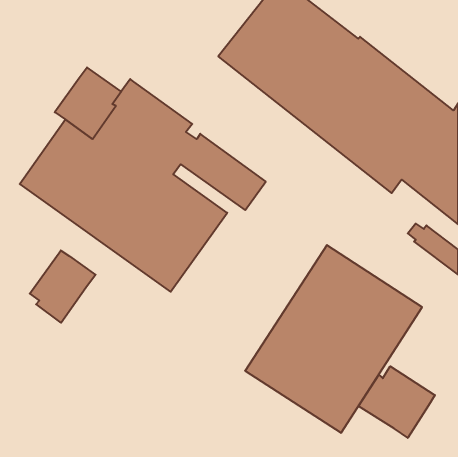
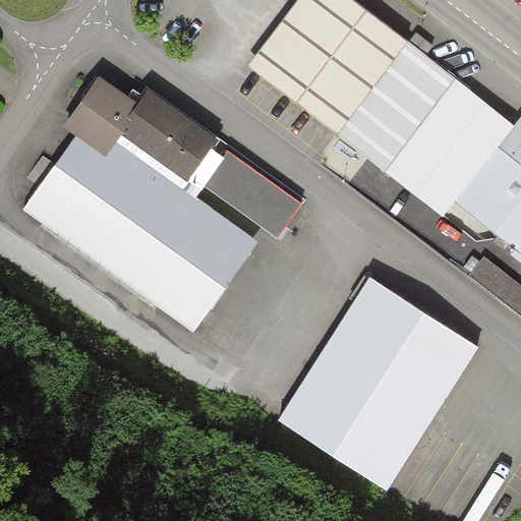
building: [30,250,96,323] -> none
building: [358,366,435,438] -> none

